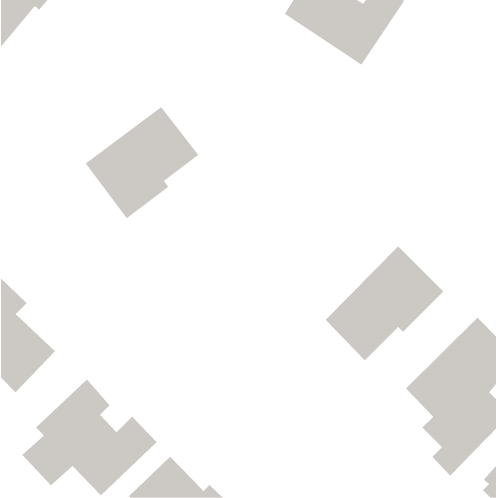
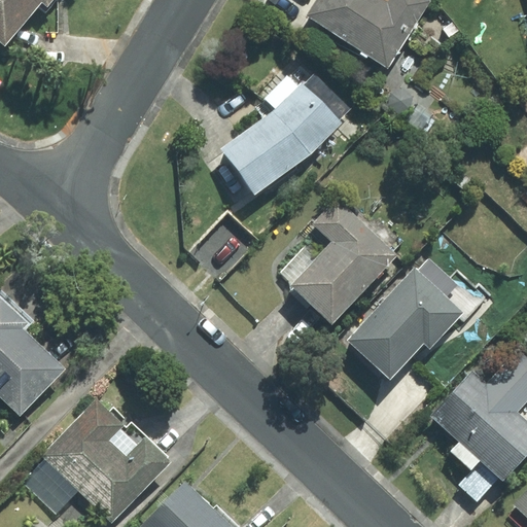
building: none -> [220,74,340,196]
building: [85,106,199,219] -> none
building: none -> [286,198,398,327]

